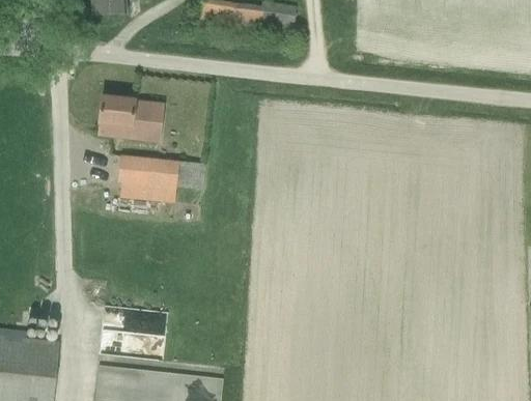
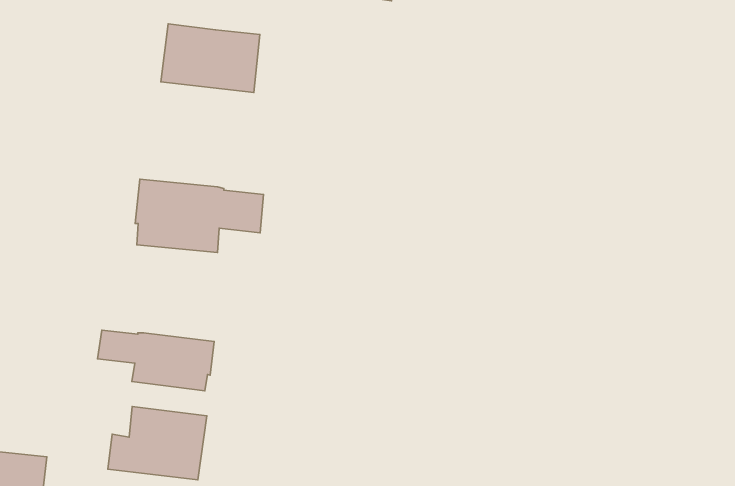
building: [95,94,163,141] -> [161,24,260,92]
building: none -> [98,330,214,391]

